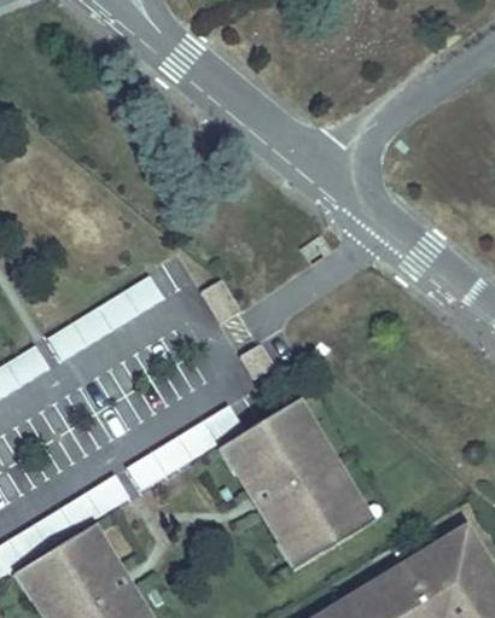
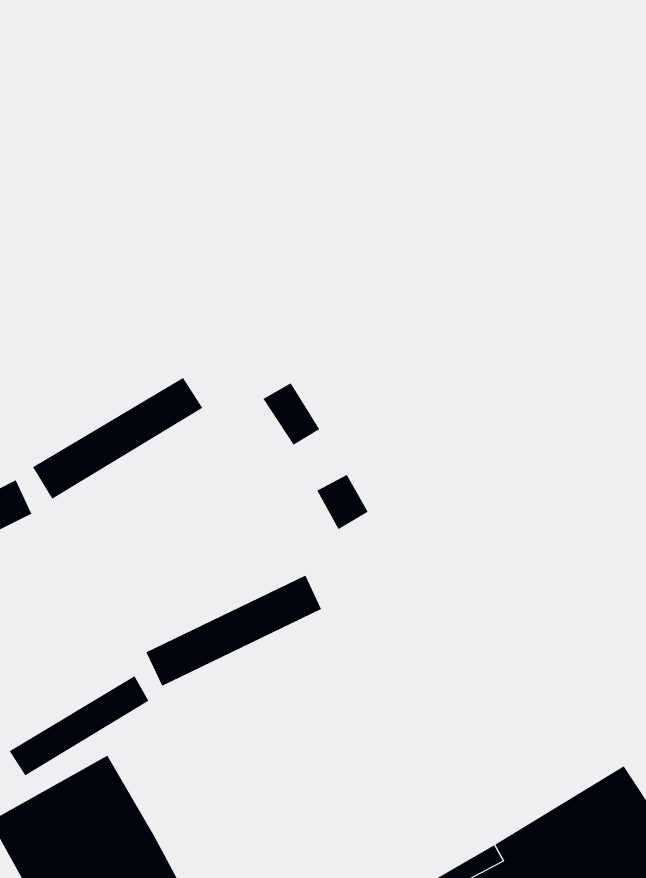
building: [223,400,375,570] -> none

